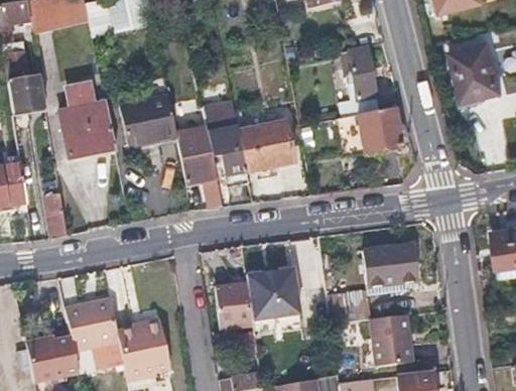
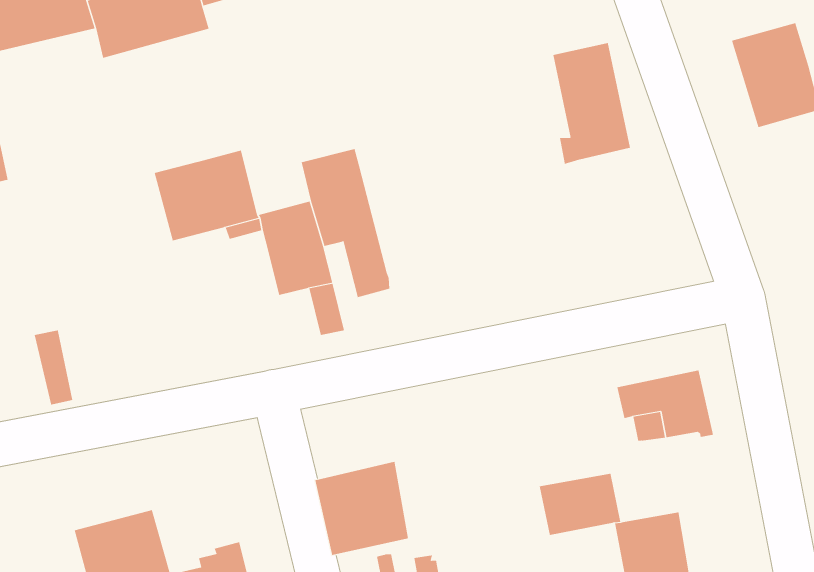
building: [61,87,118,165] -> none
building: [361,108,401,151] -> none
building: [236,109,295,171] -> none
building: [254,254,298,330] -> none

